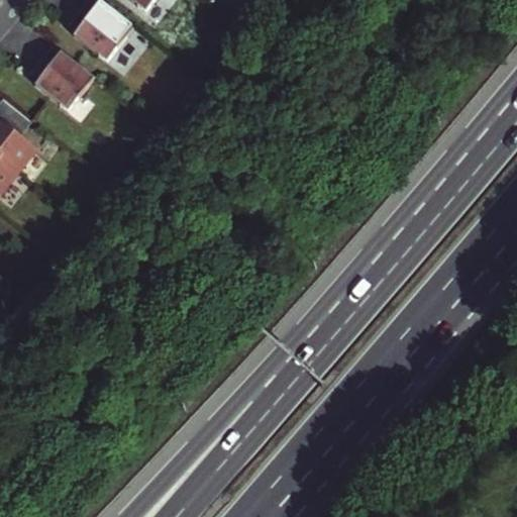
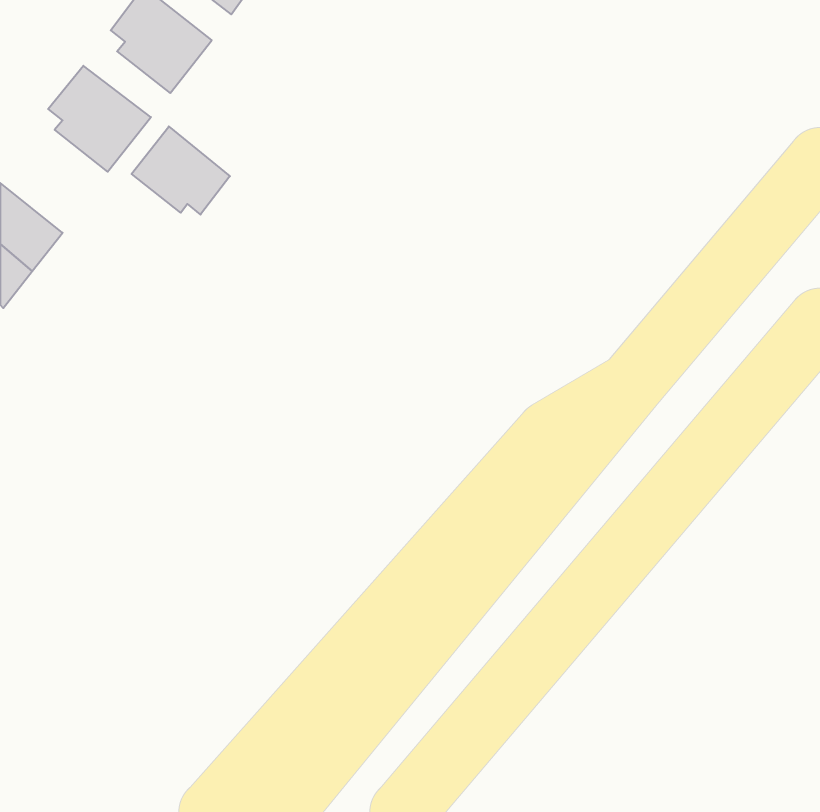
building: none -> [132,126,230,215]

